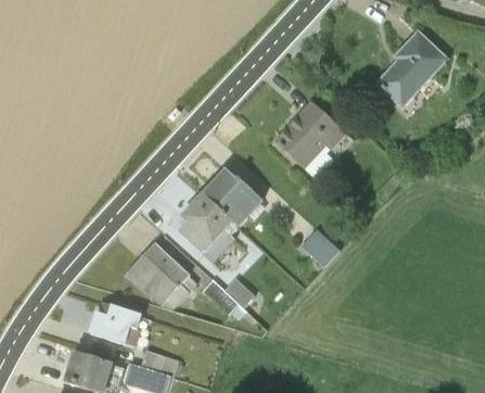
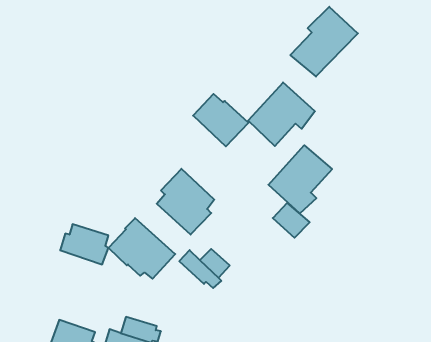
building: [375,31,447,105] -> [290,7,358,77]
building: none -> [268,145,332,214]
building: [203,169,261,225] -> [193,94,249,146]
building: [89,303,140,345] -> [60,224,108,264]

